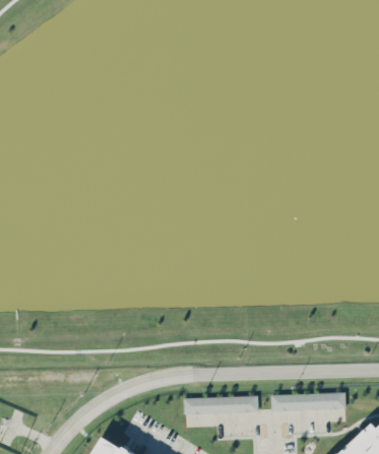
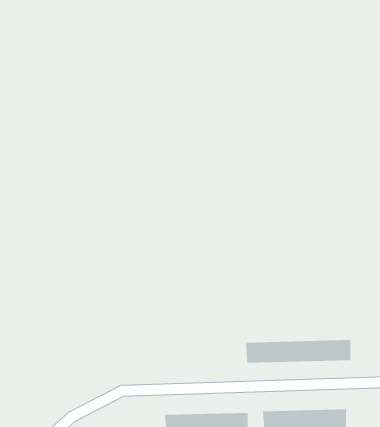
building: none -> [246,339,351,364]

